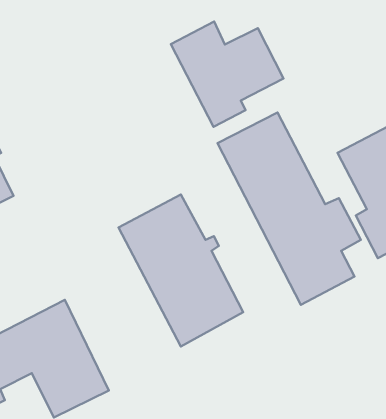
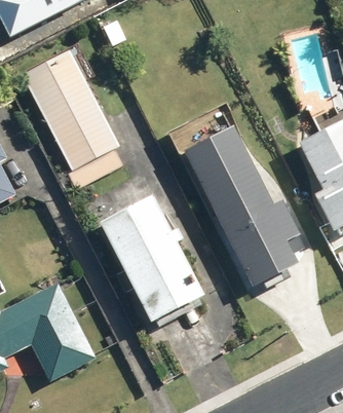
building: none -> [9,44,136,194]
building: [171,22,284,127] -> none

